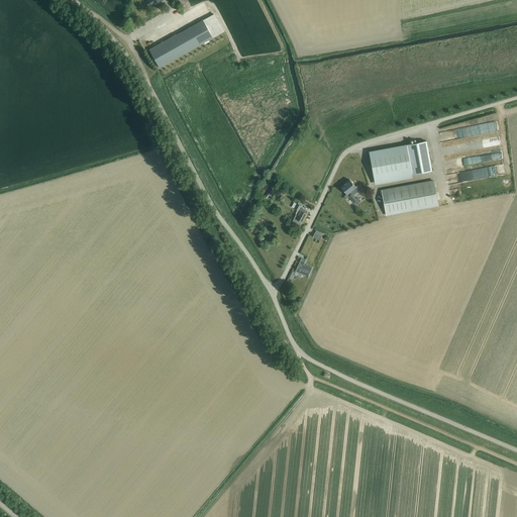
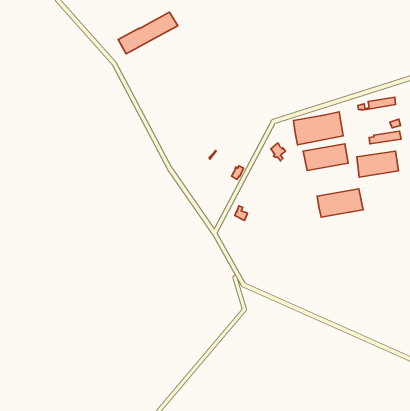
building: none -> [357,151,399,177]
building: none -> [317,189,363,217]

